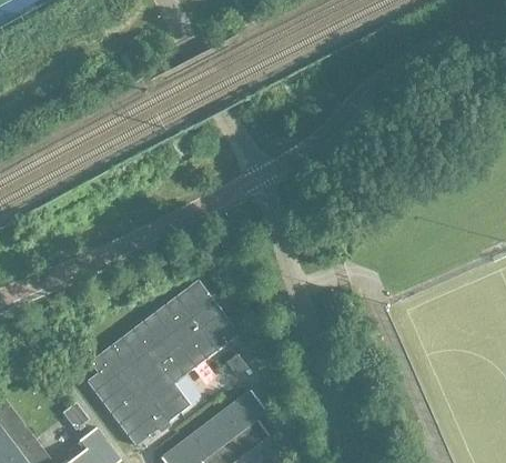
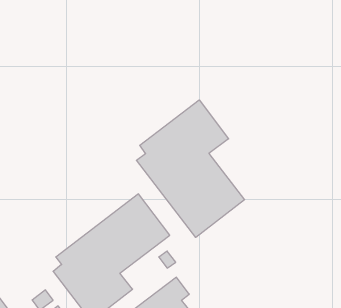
building: none -> [136,100,245,237]

